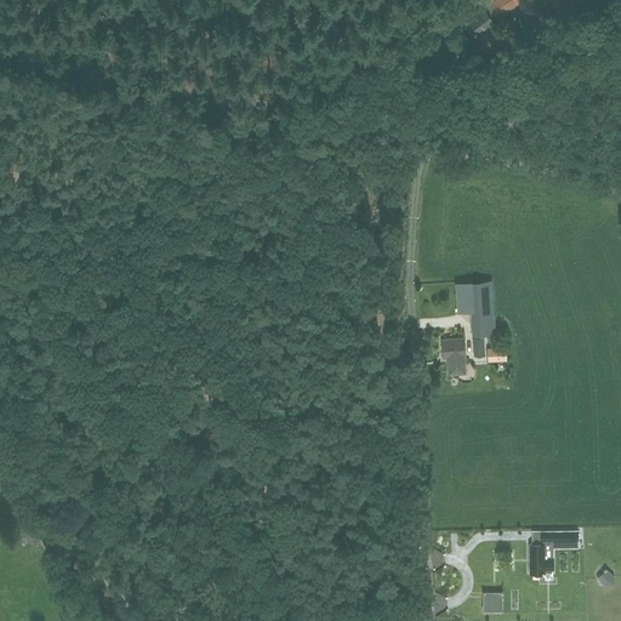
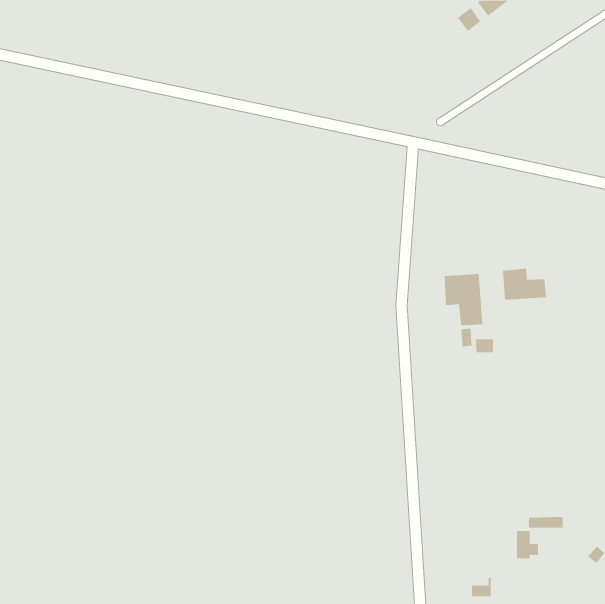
building: none -> [502,268,546,301]
building: [441,338,465,374] -> none

